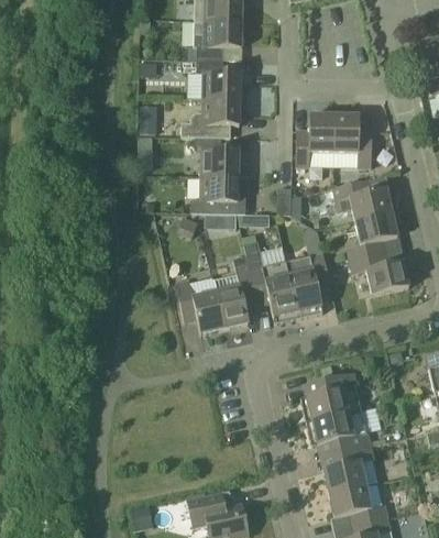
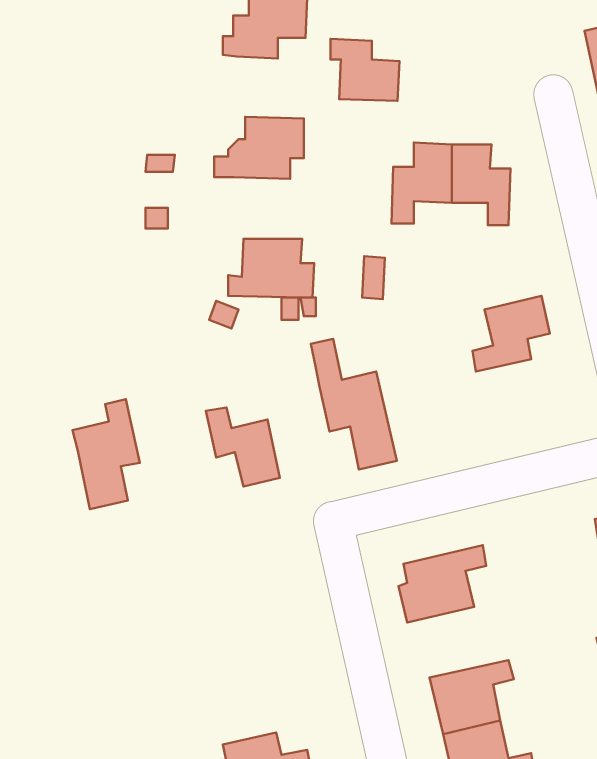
building: [197,58,241,98] -> [331,39,399,101]
building: [195,135,239,175] -> none
building: [333,178,392,220] -> none
building: [286,251,330,317] -> none
building: [350,252,409,294] -> none
building: [213,257,256,328] -> [73,399,140,509]
building: [306,410,371,455] -> none

